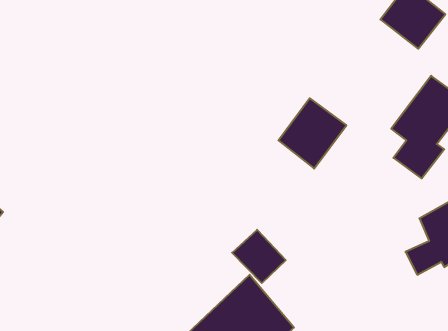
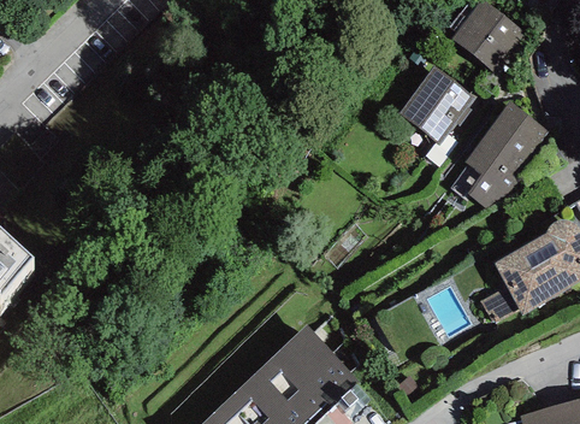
building: [278,98,346,169] -> [398,66,474,145]
building: [232,230,286,283] -> none

